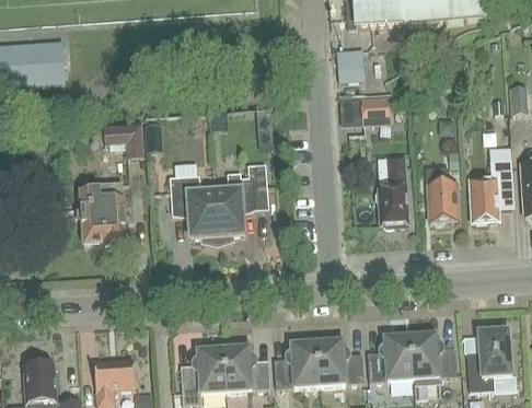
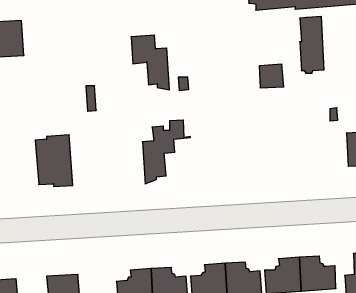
building: [336,47,365,80] -> none
building: [103,121,142,155] -> none
building: [377,156,407,228] -> [300,16,324,73]
building: [426,167,458,221] -> none
building: [169,175,217,244] -> [131,35,169,90]

